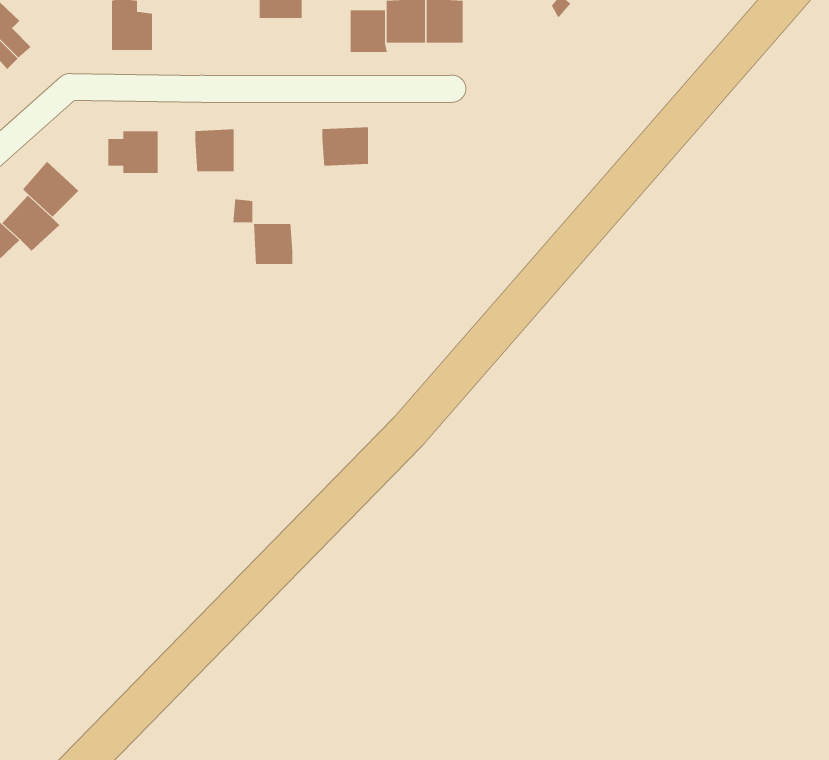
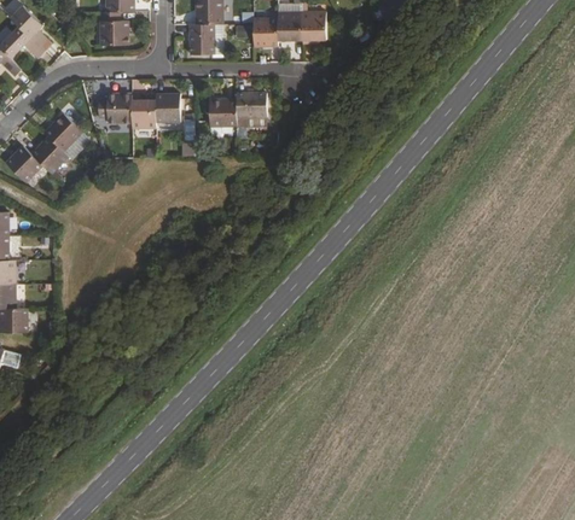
building: none -> [190,23,222,54]
building: none -> [130,100,155,127]
building: [253,223,293,265] -> [210,99,236,125]

